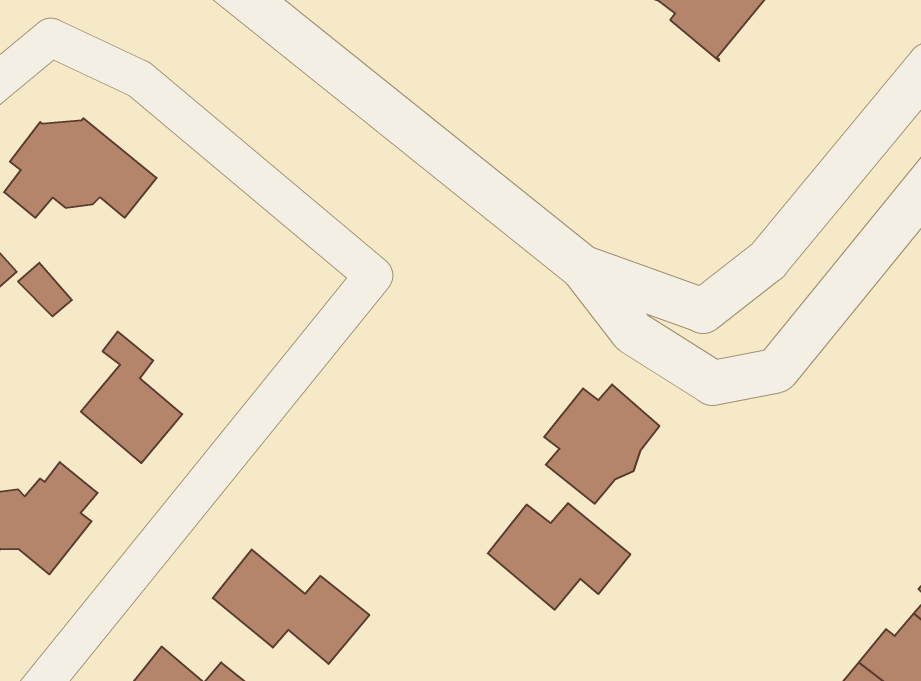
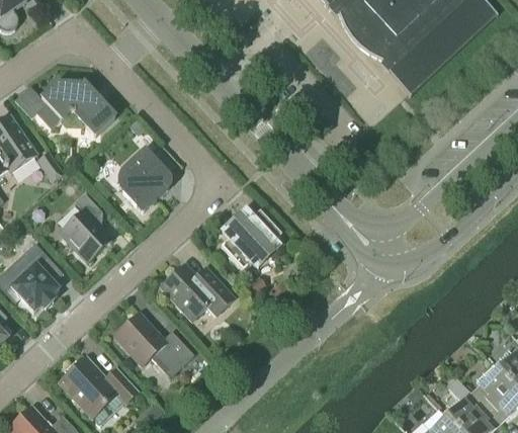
building: none -> [117,149,167,210]
building: [544,384,659,504] -> [220,208,280,268]
building: [488,503,630,610] -> [161,264,234,320]

